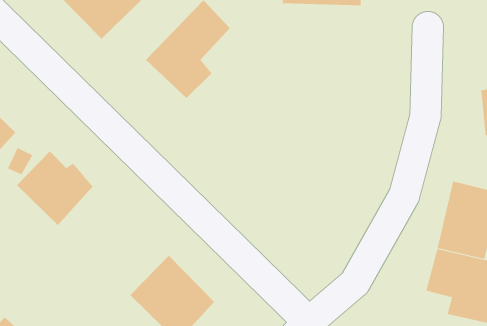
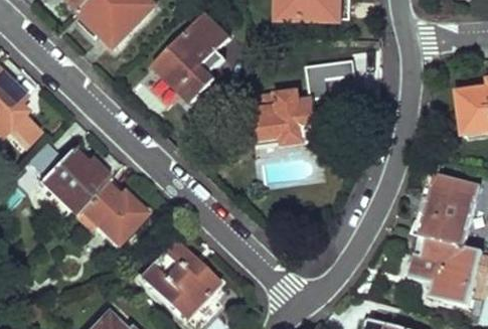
building: none -> [257,58,358,143]
building: none -> [76,179,146,243]

